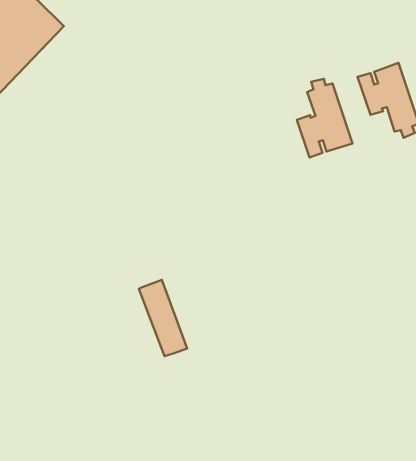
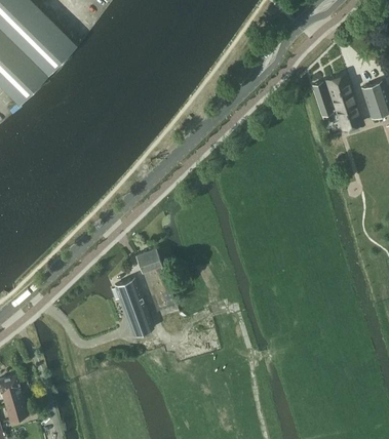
building: [297,79,353,157] -> none
building: none -> [113,278,155,337]

